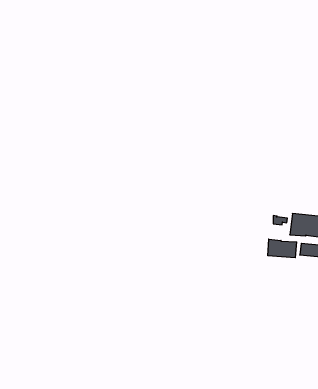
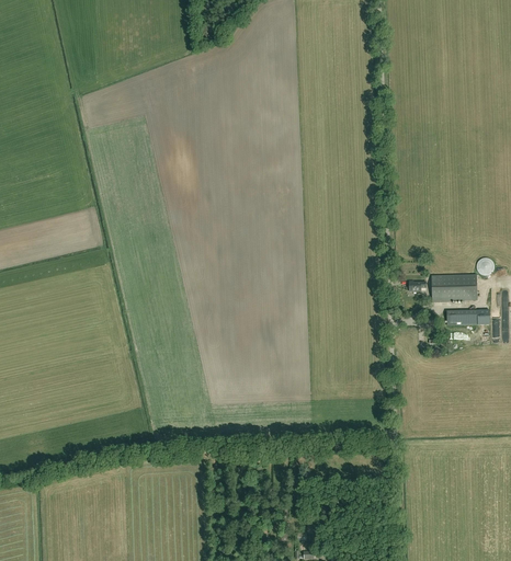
building: [268,239,297,258] -> none

